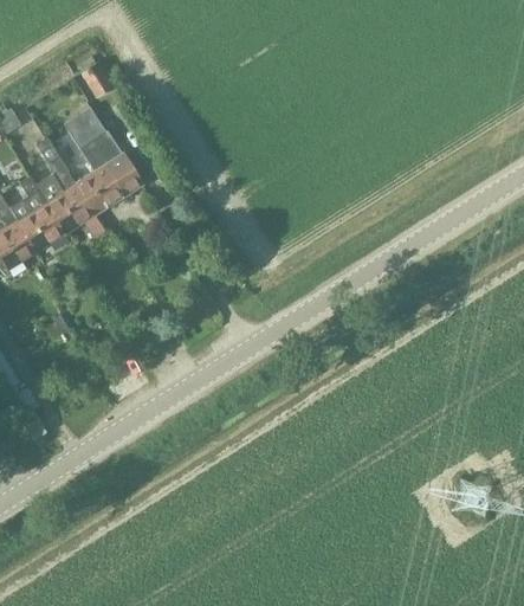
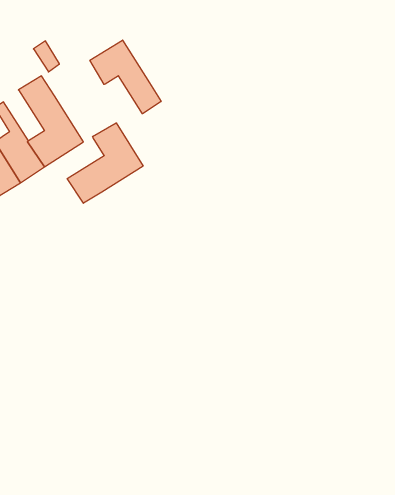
building: none -> [90,40,161,114]
building: none -> [67,123,143,203]

